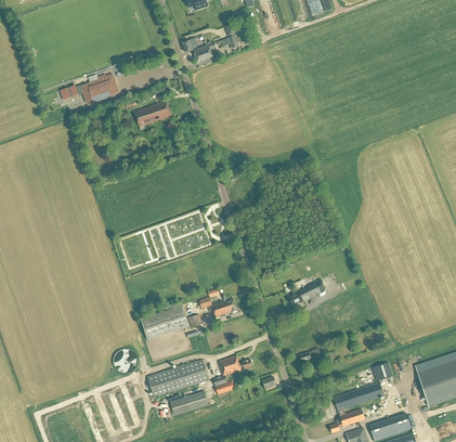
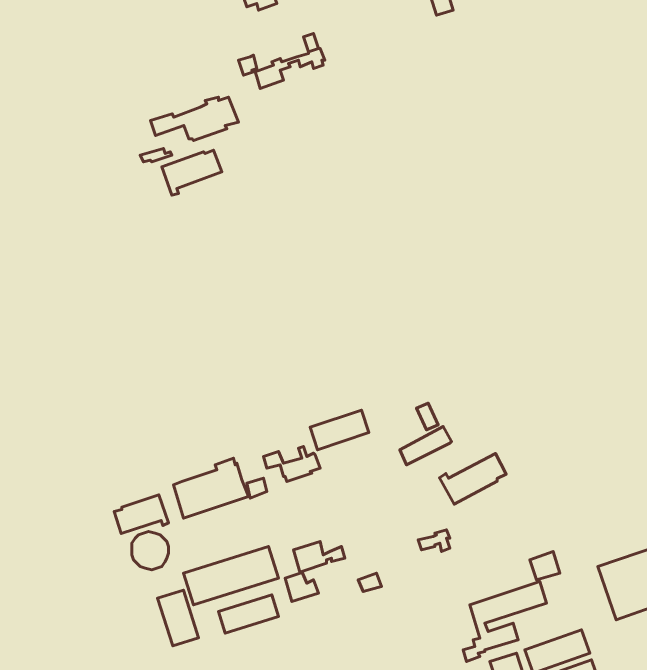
building: [62,75,119,103] -> [150,97,239,140]
building: none -> [310,410,369,450]
building: none -> [440,453,506,504]
building: none -> [114,495,168,533]
building: none -> [158,590,198,646]

